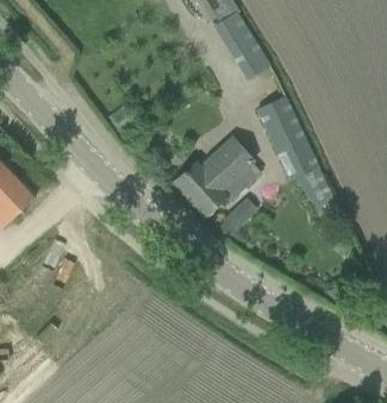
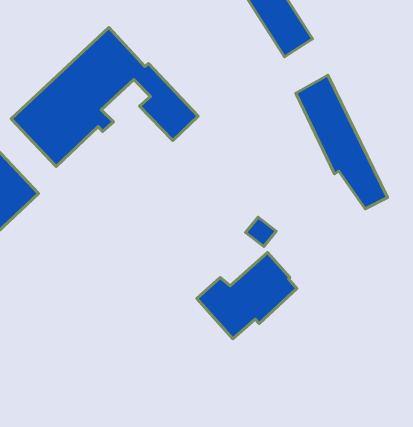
building: none -> [11,27,198,166]
building: [176,143,262,216] -> [197,252,297,339]

